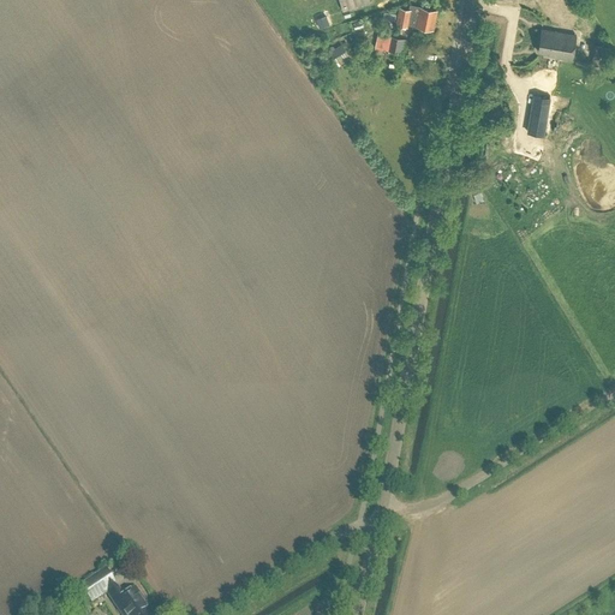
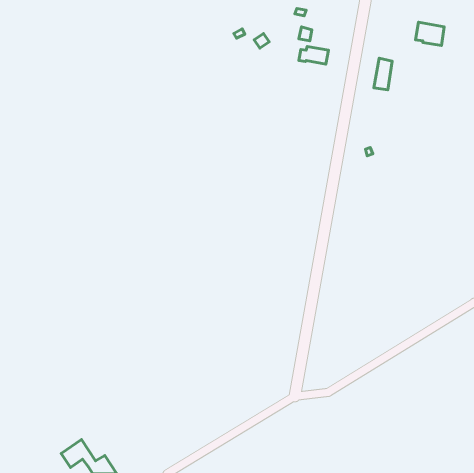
building: [398,6,436,29] -> [299,47,329,64]
building: [526,95,550,136] -> [374,58,392,90]

